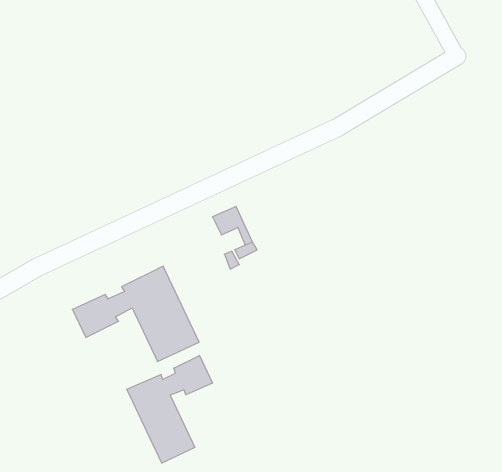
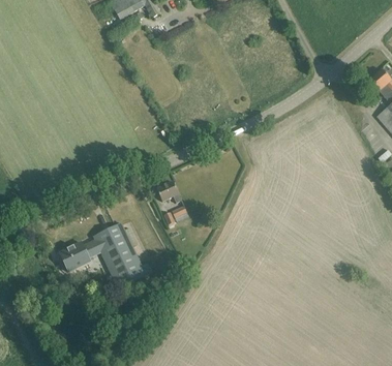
building: [127,355,212,463] -> none

